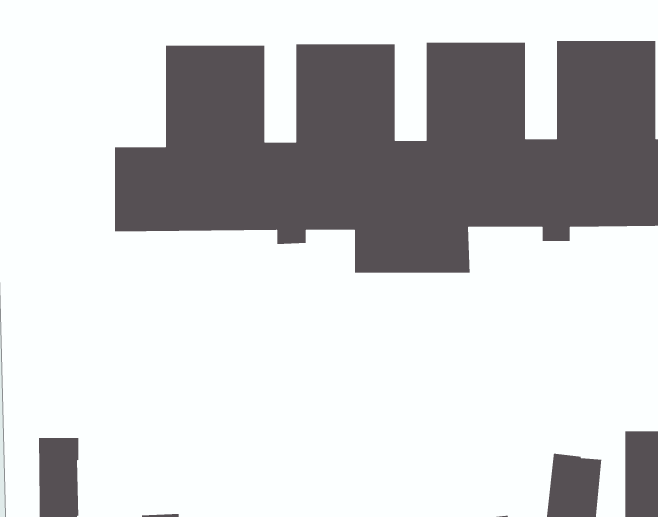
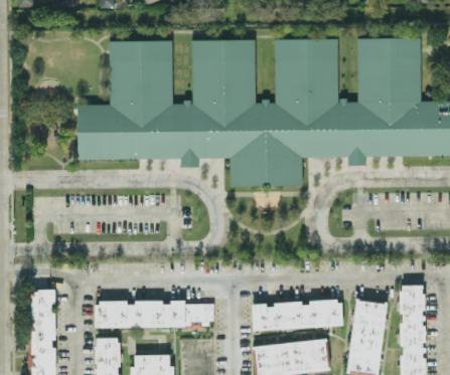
building: none -> [251,299,342,330]
building: none -> [94,301,213,327]

